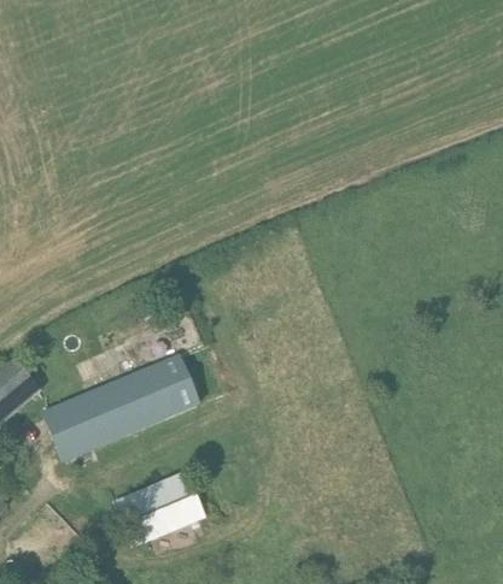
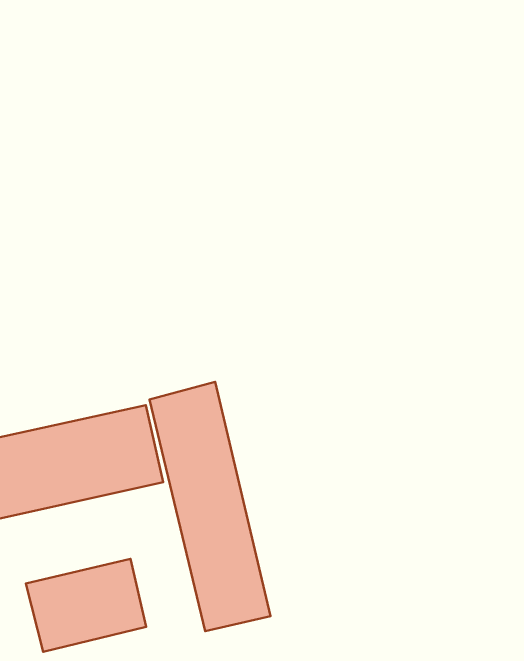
building: none -> [150,382,270,631]

